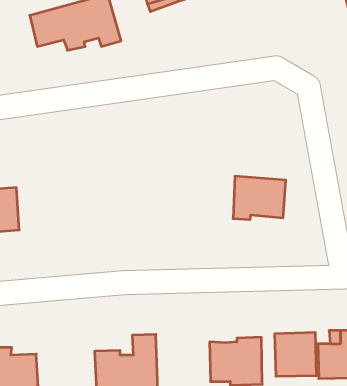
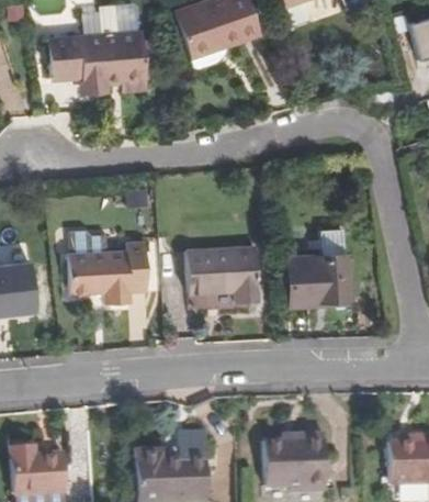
building: none -> [71,242,149,304]
building: none -> [184,254,257,317]
building: [275,332,316,376] -> none

